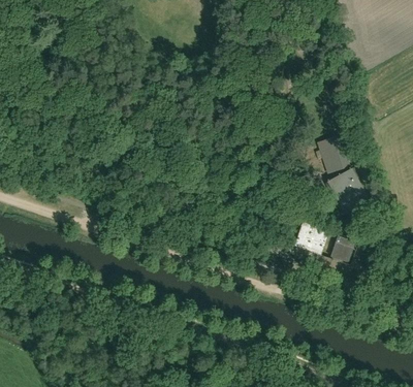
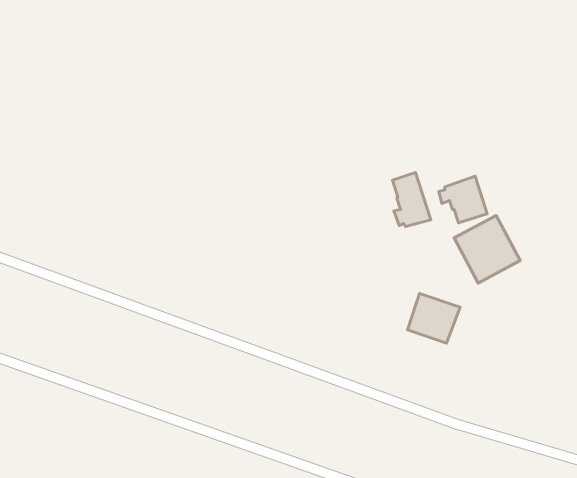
building: none -> [392,173,431,227]
building: [330,235,354,262] -> none

